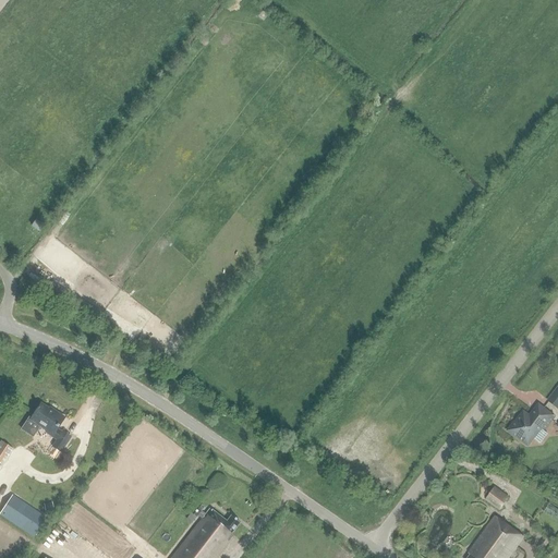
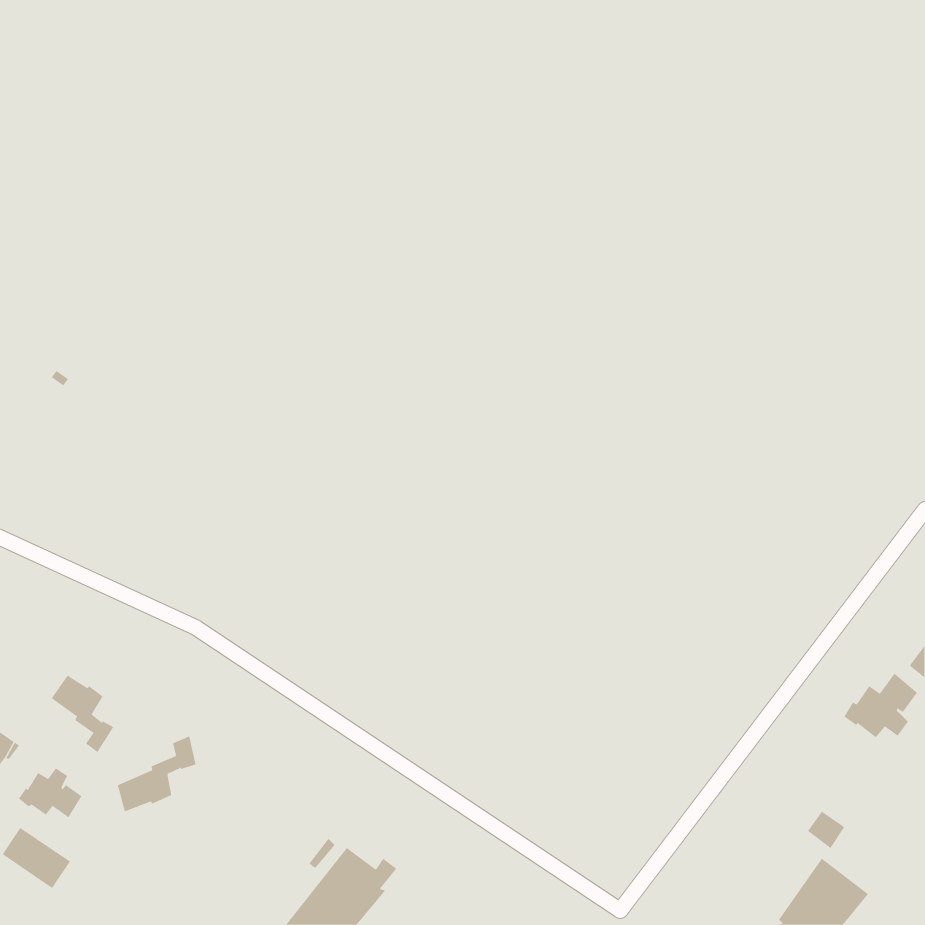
building: none -> [117,735,196,812]
building: none -> [18,767,82,818]

